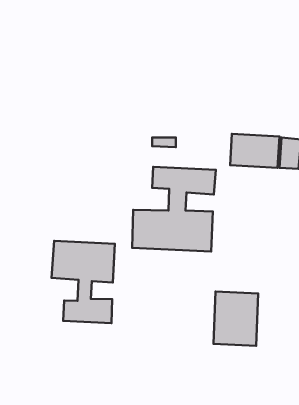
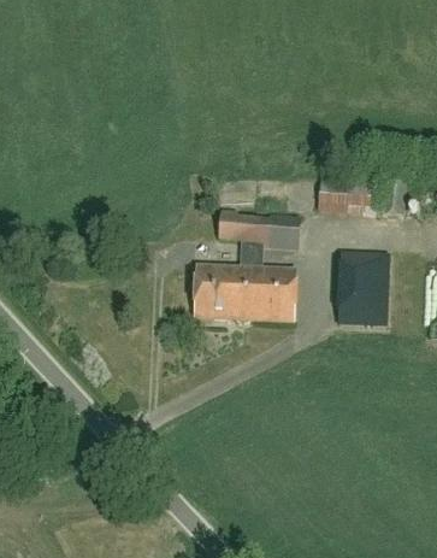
building: [52,241,115,323] -> none
building: [214,292,258,346] -> [335,253,391,322]

